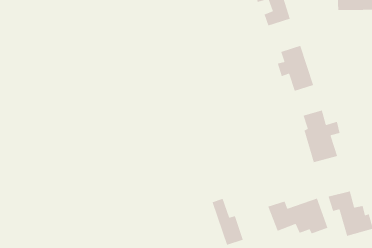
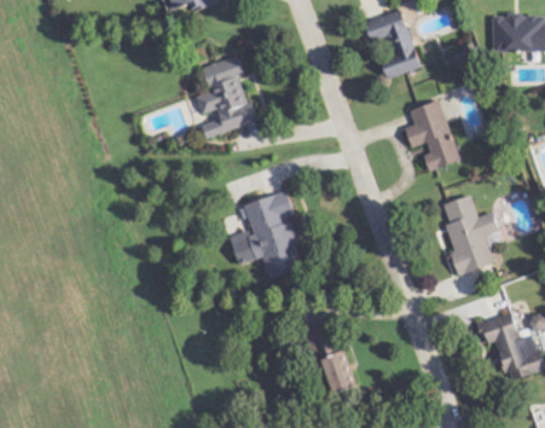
building: none -> [196,57,255,139]
building: none -> [230,192,302,278]
building: [267,197,329,235] -> none

